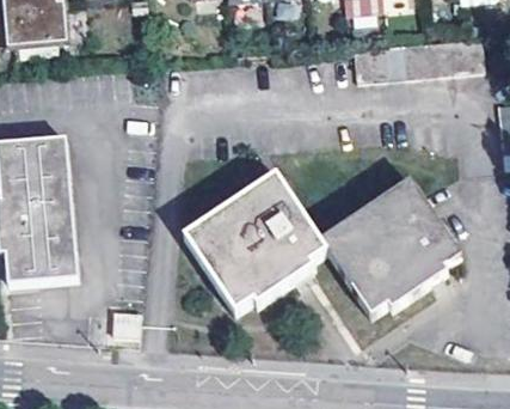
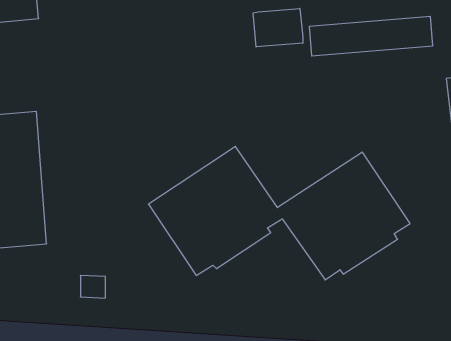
building: none -> [253,8,303,47]

